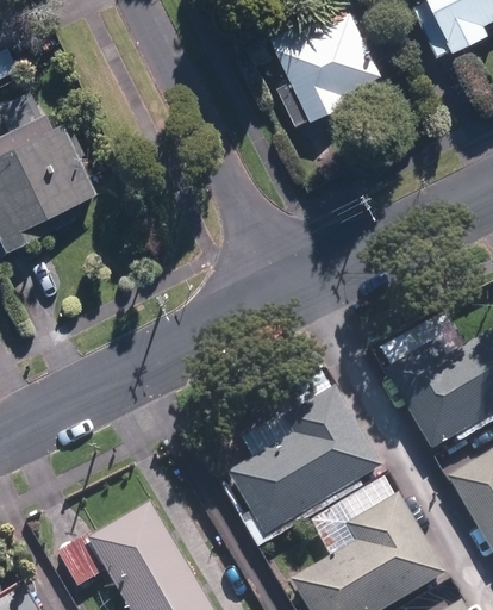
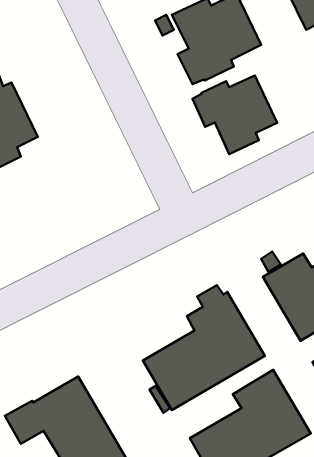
building: none -> [192,76,277,154]

